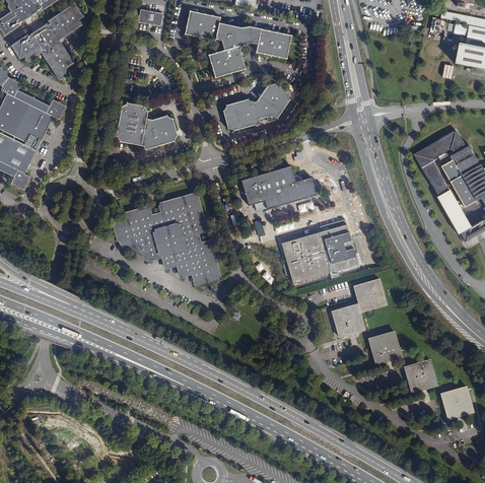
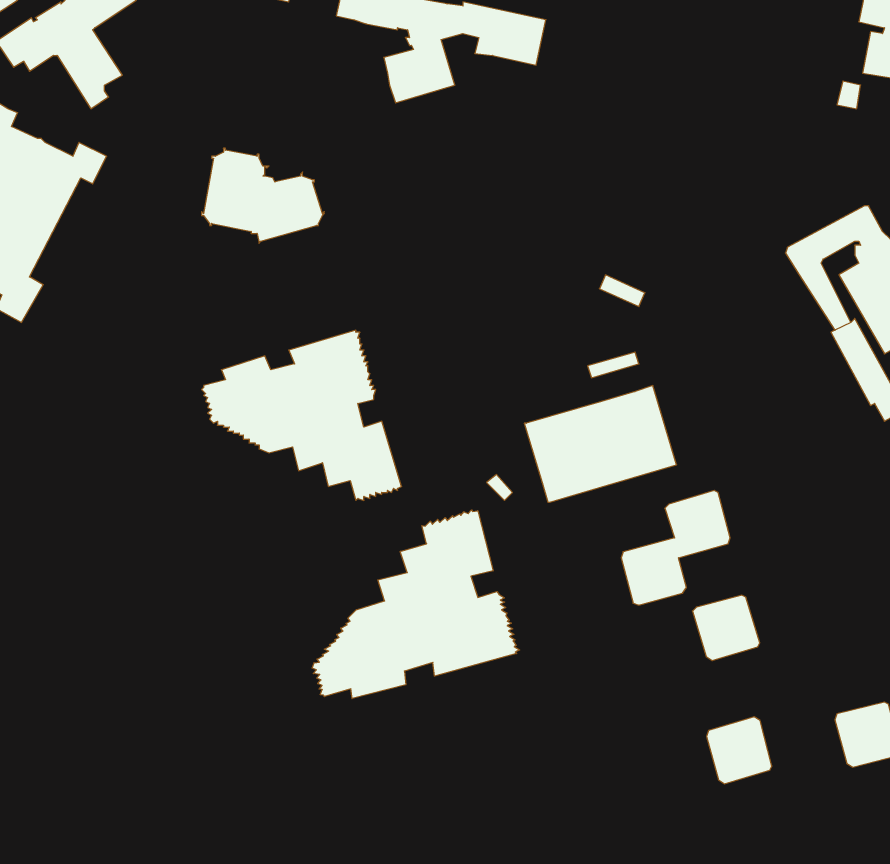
building: [222,81,292,131] -> none
building: [241,165,318,209] -> none
building: none -> [312,510,520,699]
building: [404,358,437,393] -> [707,717,772,784]

